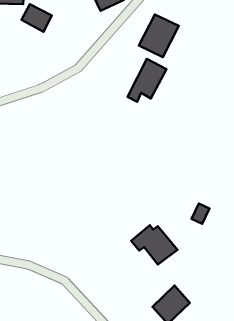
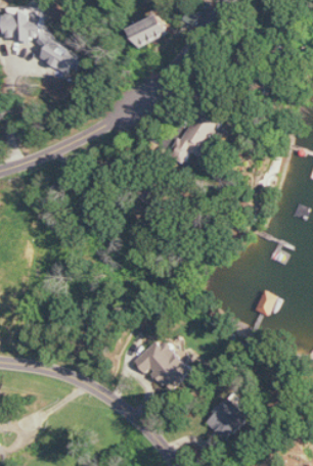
building: [139,14,179,57] -> none
building: [131,225,178,264] -> [131,341,189,390]

